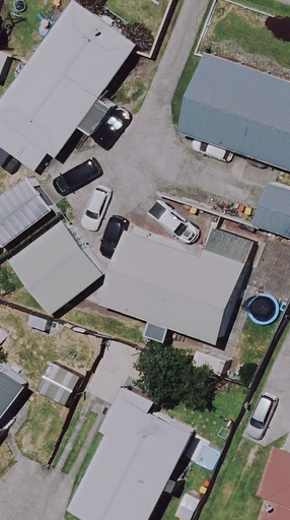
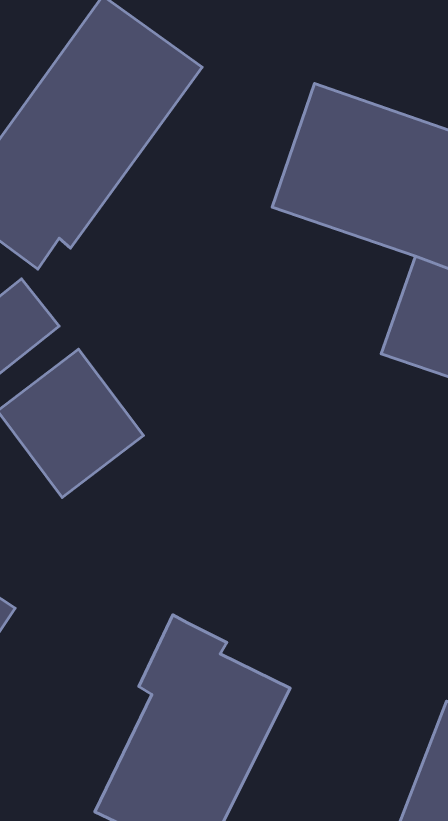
building: [100,232,243,342] -> none

